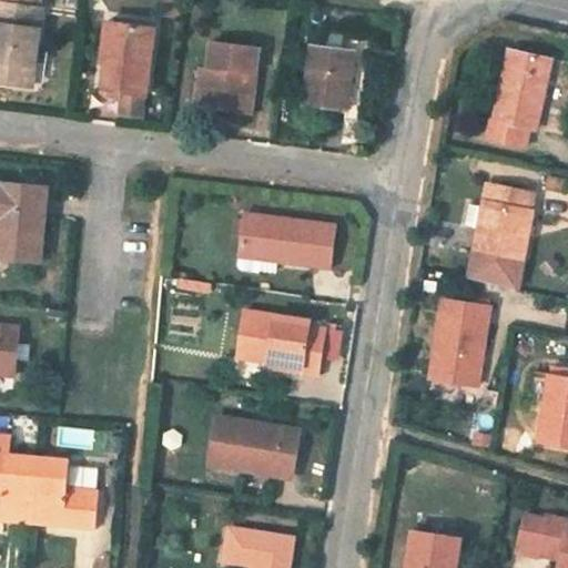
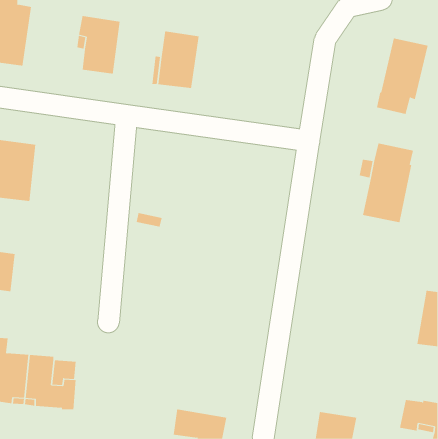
building: [304,44,354,109] -> none
building: [236,214,335,272] -> none
building: [429,298,488,386] -> none
building: [235,310,326,374] -> none
building: [206,416,300,477] -> none

